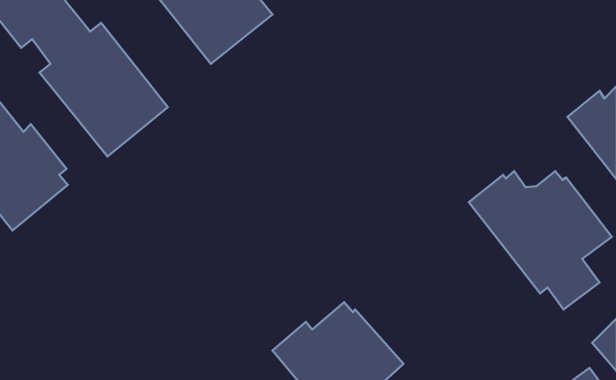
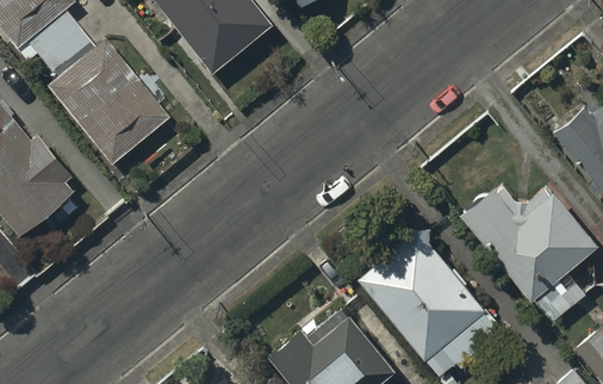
building: none -> [360,231,499,372]

